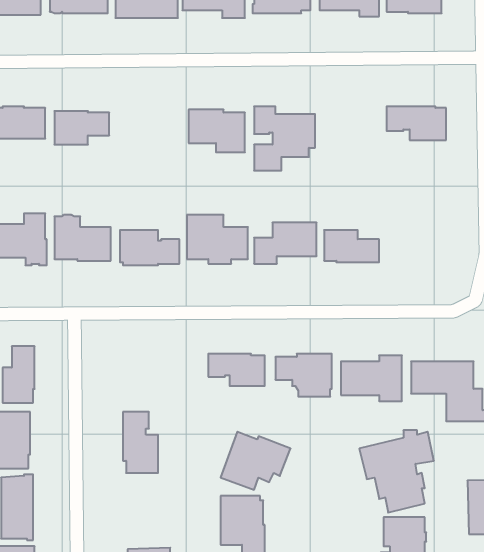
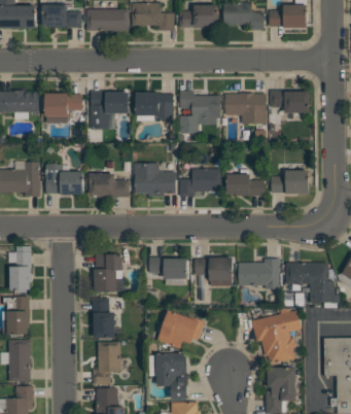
building: none -> [91,91,129,130]
building: none -> [225,93,268,125]
building: none -> [271,171,309,194]
building: none -> [95,255,124,292]
building: none -> [94,342,121,385]

